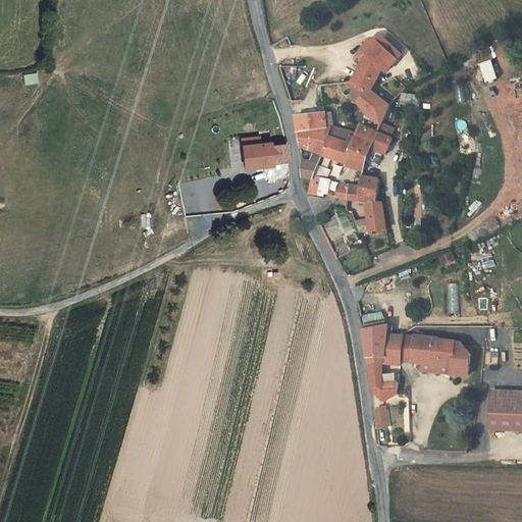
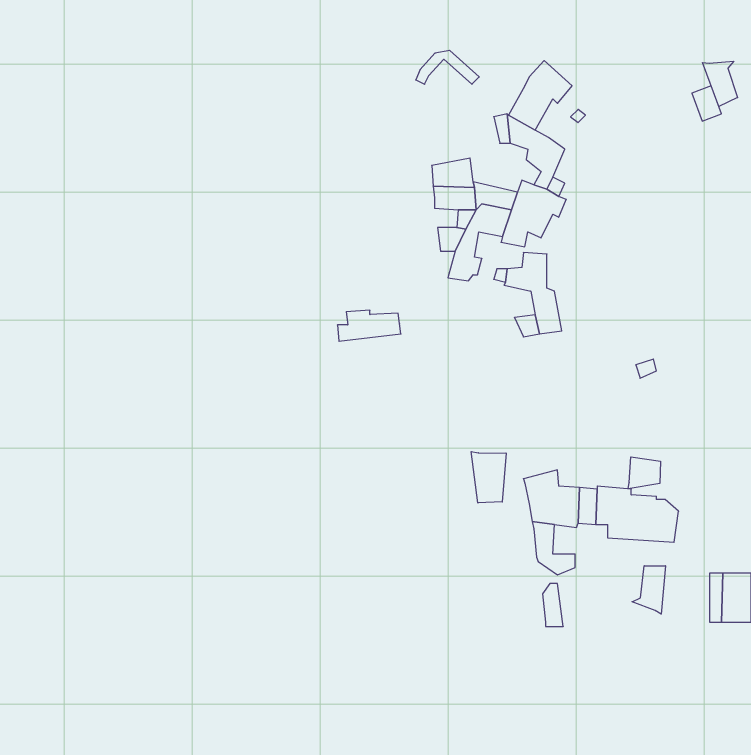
building: [356,36,400,59] -> [416,50,479,84]
building: none -> [703,61,738,106]
building: [238,144,281,165] -> [337,310,401,341]
building: none -> [471,452,506,503]
building: none -> [628,457,660,489]
building: none -> [632,566,665,614]

